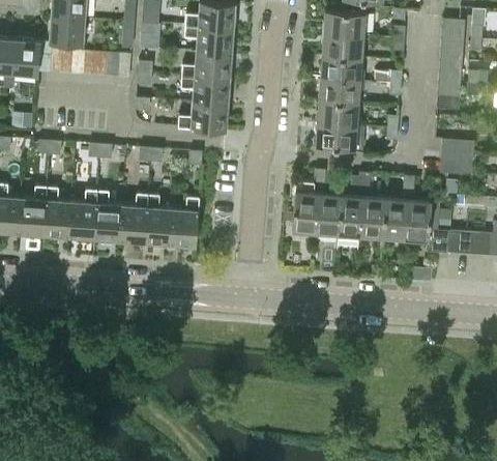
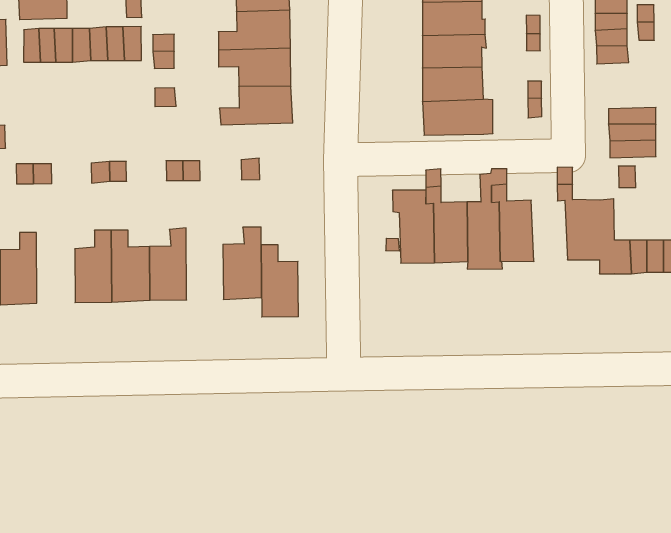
building: [43,188,72,237] -> none
building: [145,194,173,244] -> [261,245,298,317]
building: [382,197,407,239] -> none

